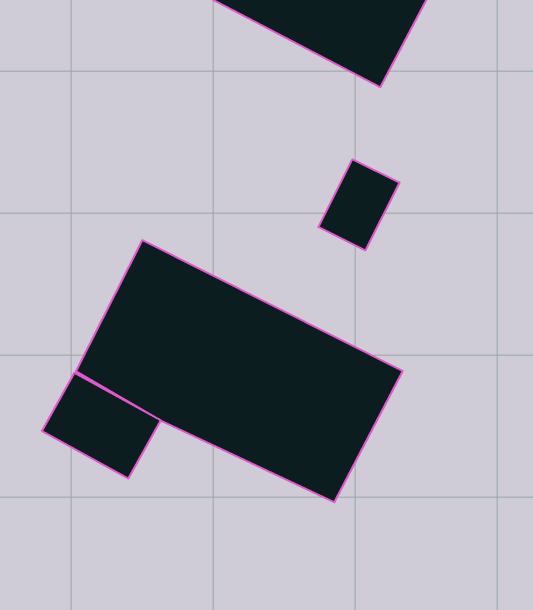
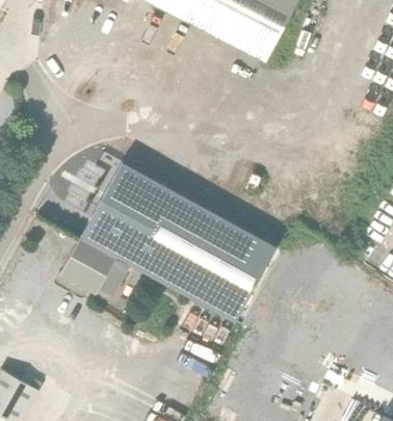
building: [318,159,400,250] -> none

